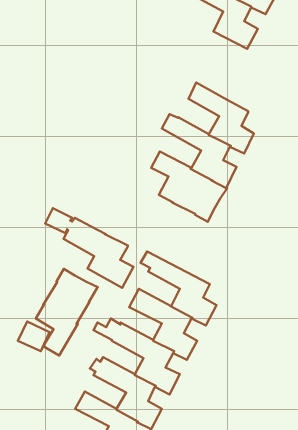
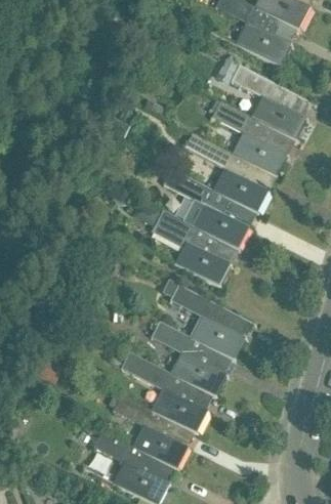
building: none -> [221,57,302,137]
building: [45,208,134,288] -> [132,199,226,284]
building: [36,269,98,355] -> none

